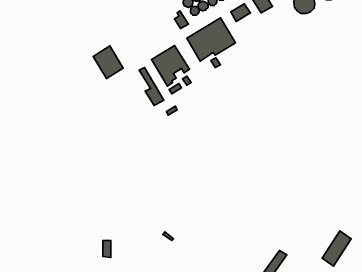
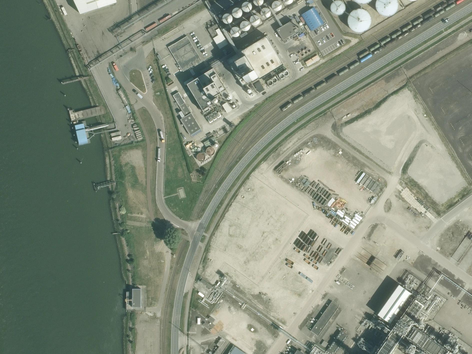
building: [93,46,123,79] -> [168,35,202,72]

